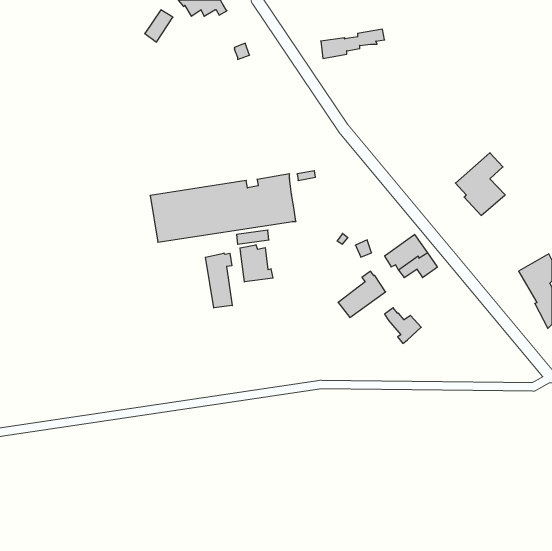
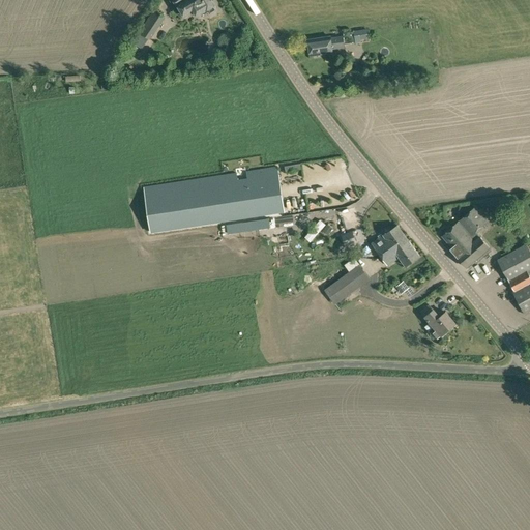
building: [455,153,505,215] -> [442,208,490,268]
building: [240,245,273,282] -> none
building: [205,253,232,308] -> none
building: [385,308,421,343] -> [420,305,455,340]

